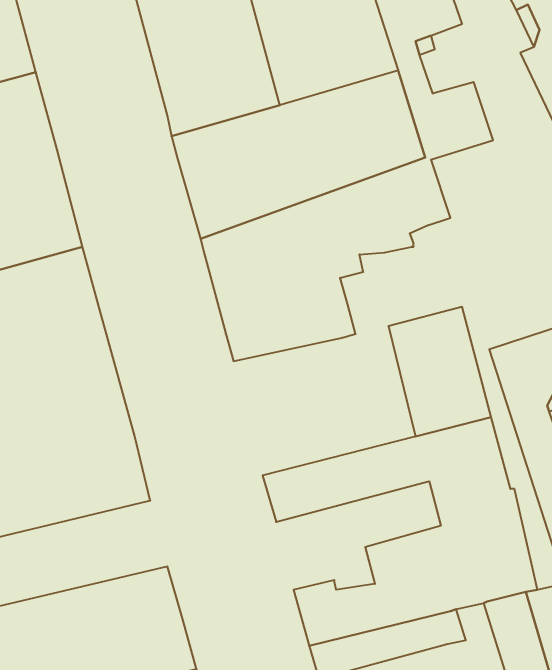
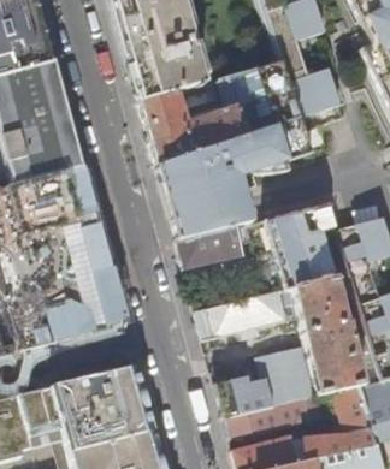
building: none -> [179,225,249,267]

